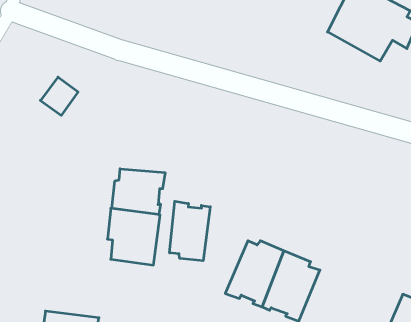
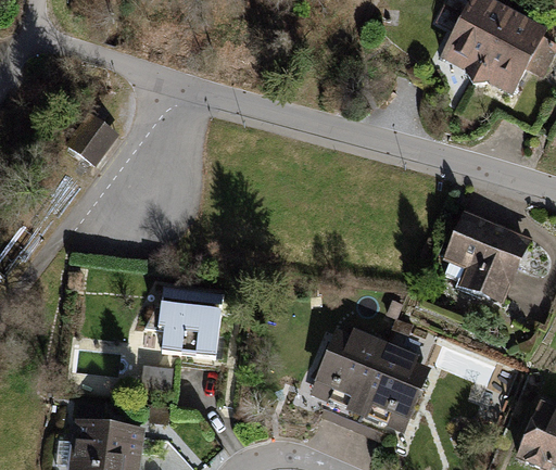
building: none -> [442,208,531,304]
building: [112,169,165,215] -> none
building: [170,201,210,261] -> none

